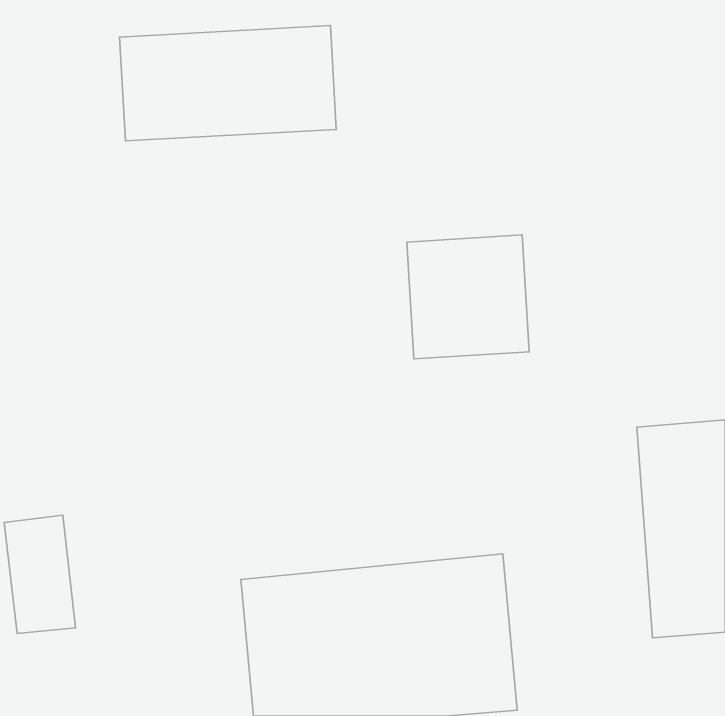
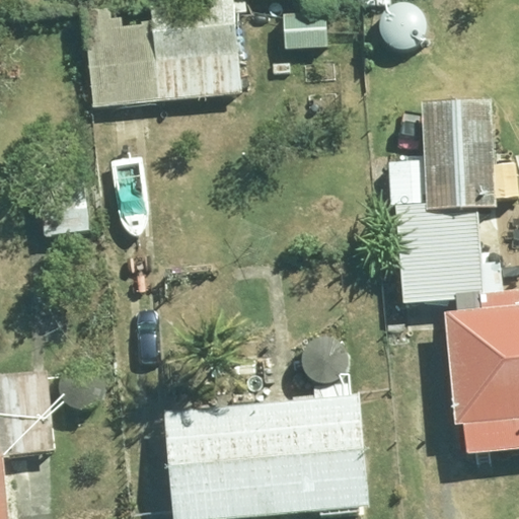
building: none -> [422,103,496,207]
building: [407,235,529,359] -> [394,214,481,302]

